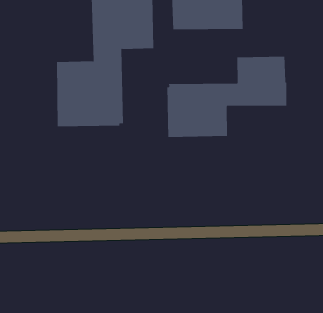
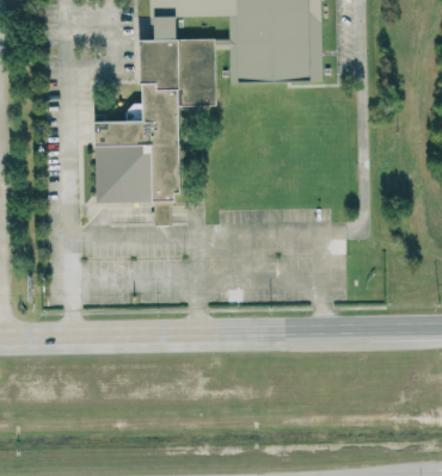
building: [167,56,287,138] -> none

